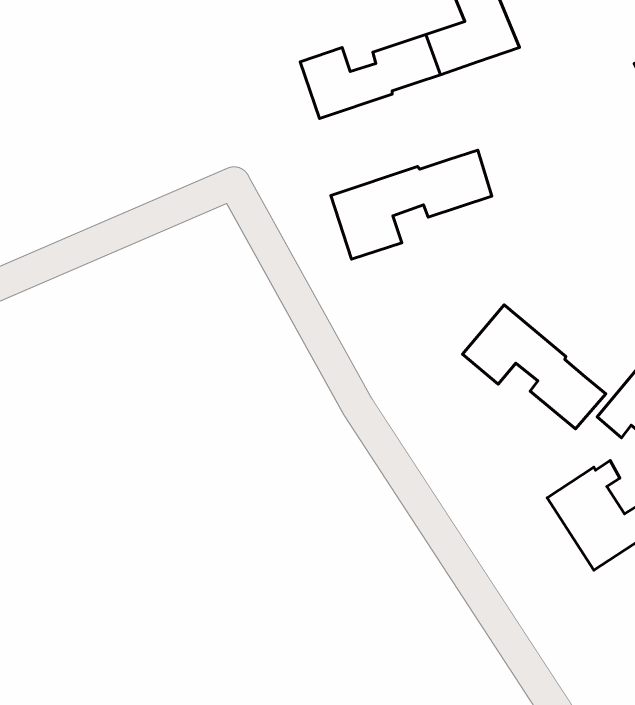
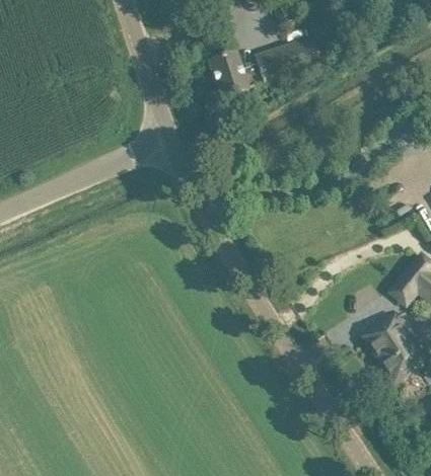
building: [331,150,492,259] -> none
building: [463,305,606,429] -> none

